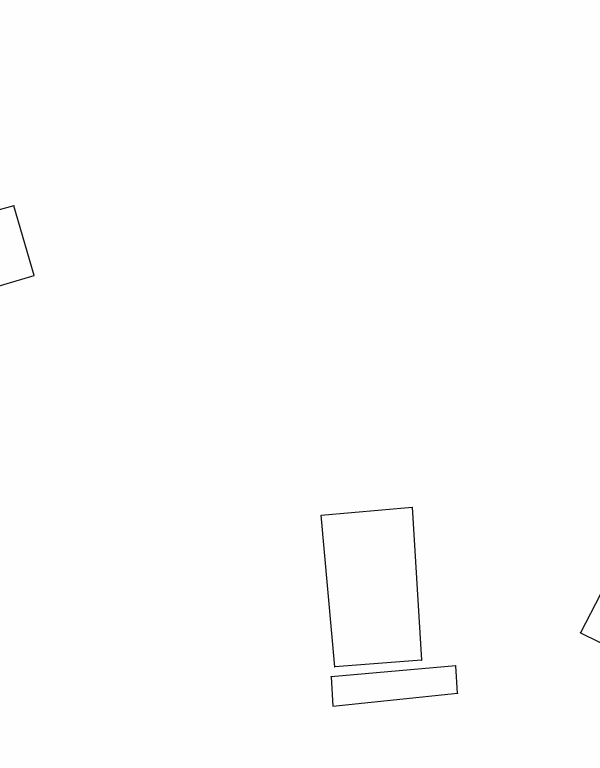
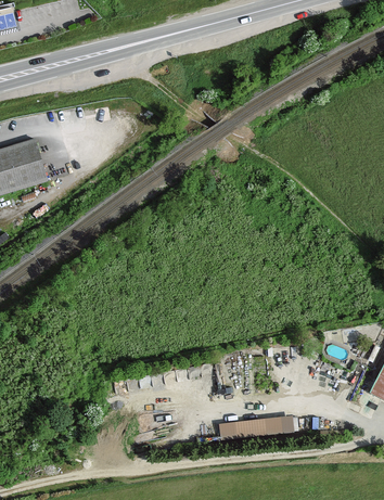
building: [321,507,422,667] -> none

